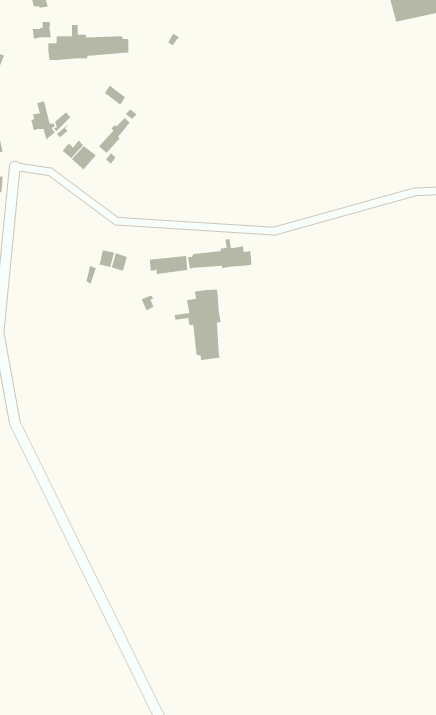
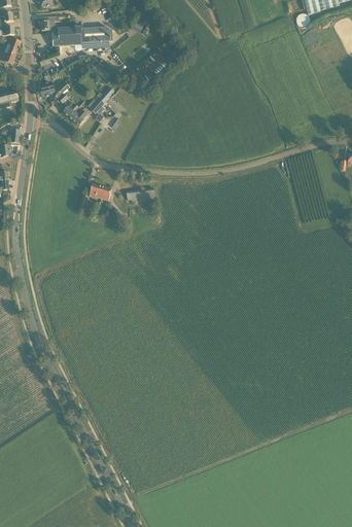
building: [187,238,252,269] -> none
building: [174,289,222,361] -> none

